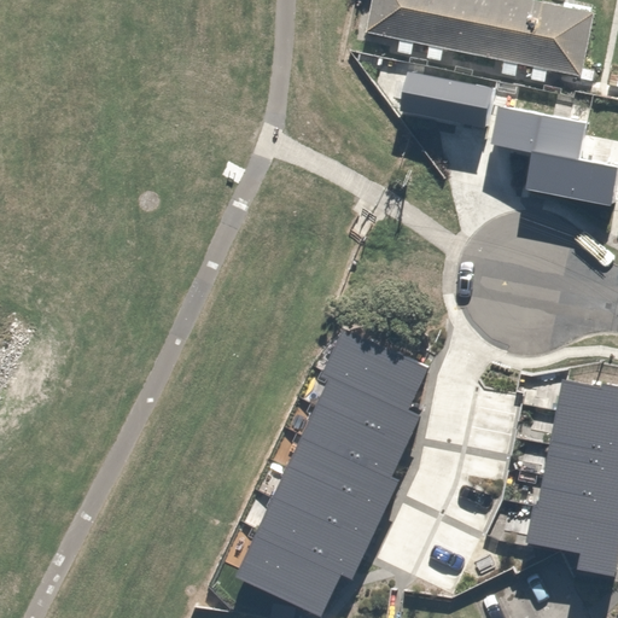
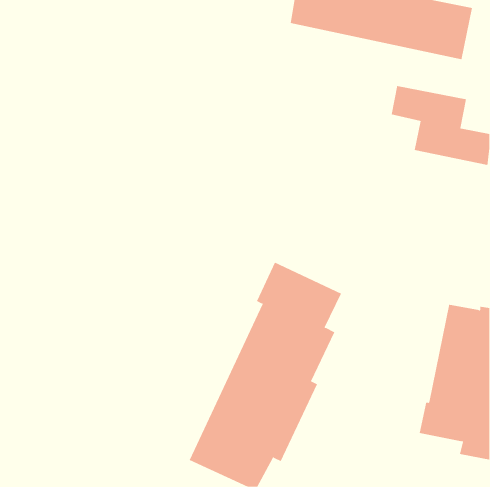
building: [400,72,492,128] -> none

